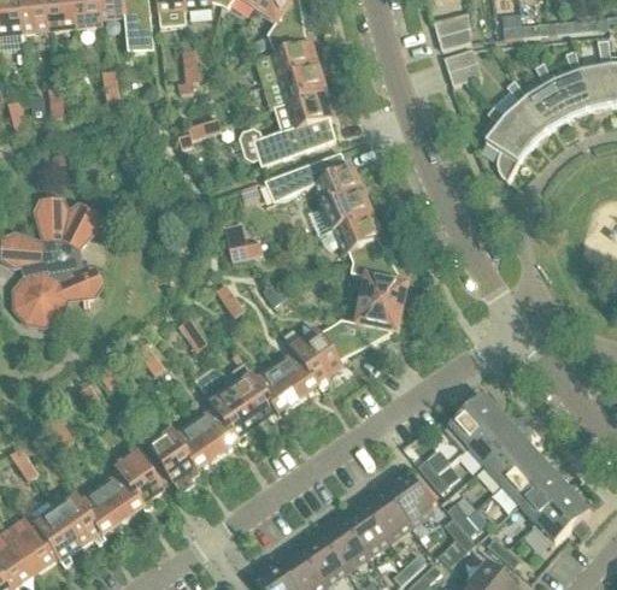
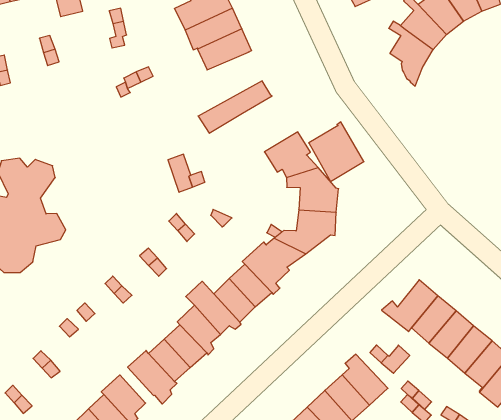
building: [239,118,335,166] -> none
building: [313,166,371,230] -> [309,122,364,182]

